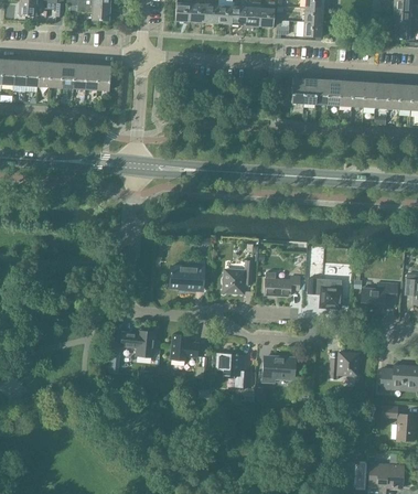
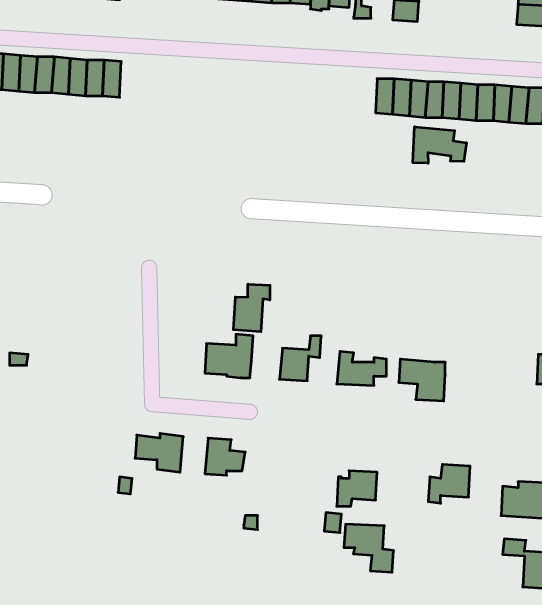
building: none -> [413,127,466,163]
building: none -> [233,284,270,332]
building: [362,281,398,310] -> none
building: [217,353,253,387] -> [344,524,394,572]

